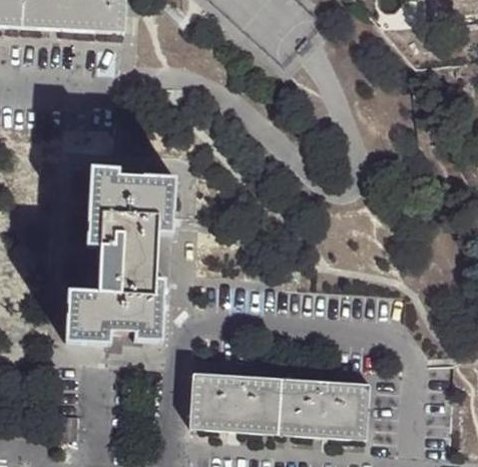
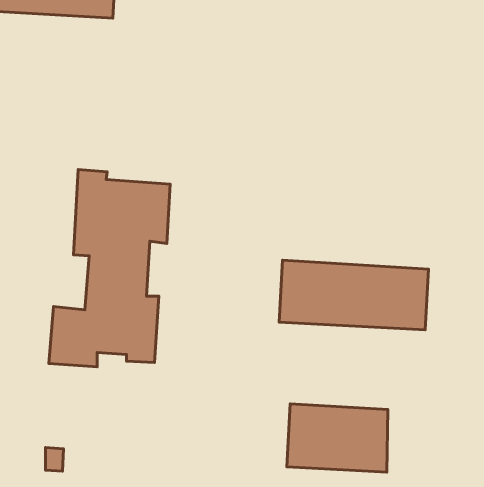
building: none -> [279,260,428,330]
building: [190,371,282,433] -> none

